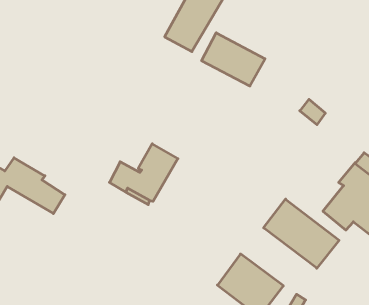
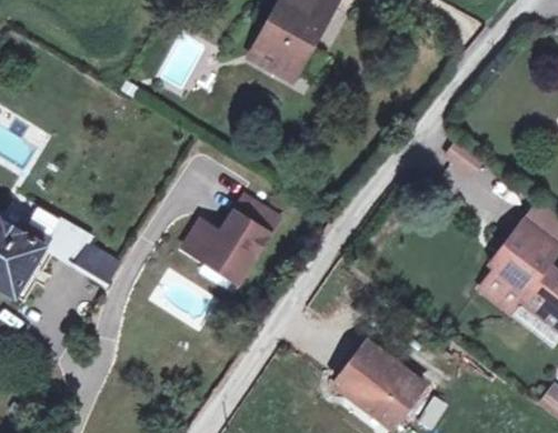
building: [202,33,265,86] -> none
building: [264,199,339,268] -> none

